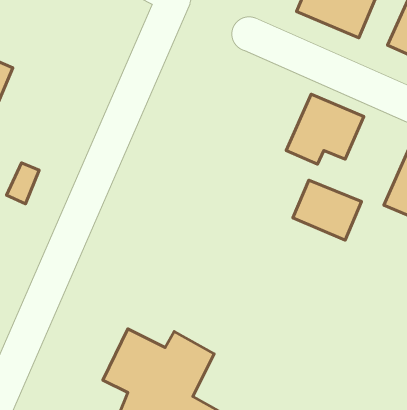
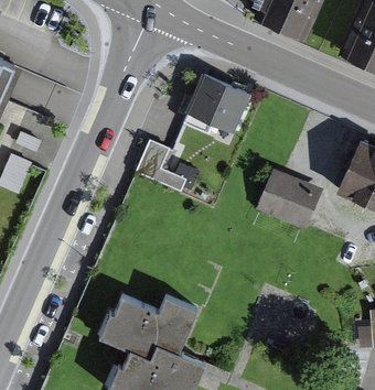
building: [286,94,364,164] -> [184,72,253,133]
building: none -> [141,142,189,192]

